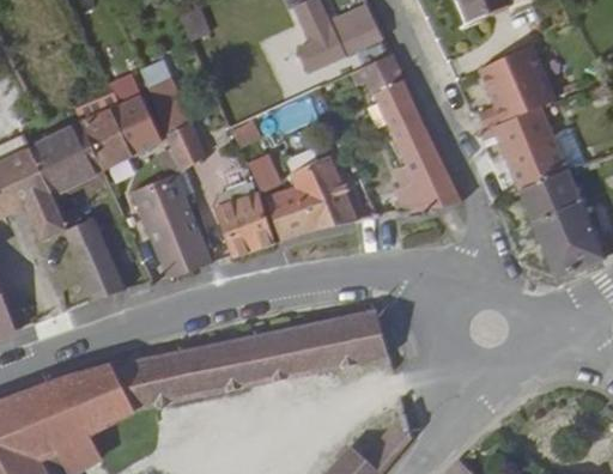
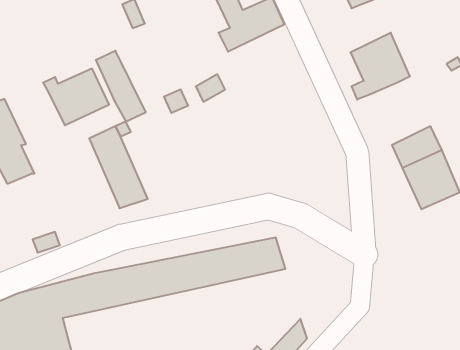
building: [359,57,463,213] -> none
building: [492,114,573,194] -> none
building: [32,123,129,302] -> none
building: [265,154,356,238] -> none
building: [216,190,275,254] -> none

